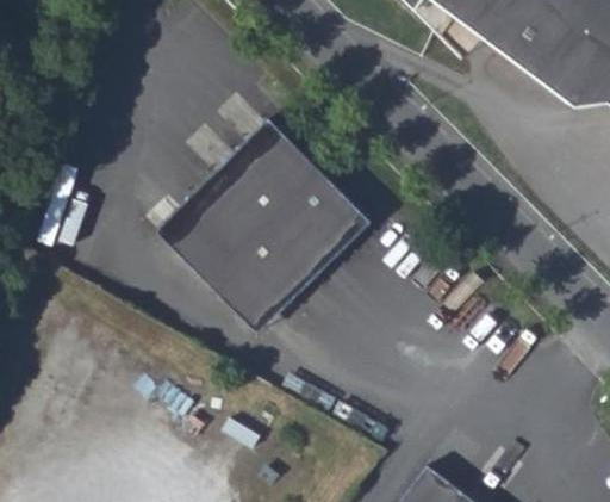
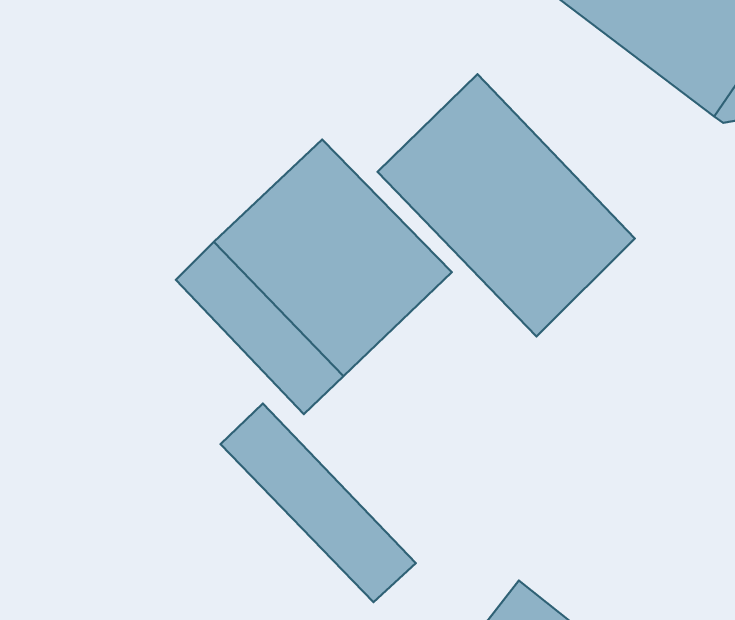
building: none -> [378,74,635,336]
building: none -> [221,403,416,602]

